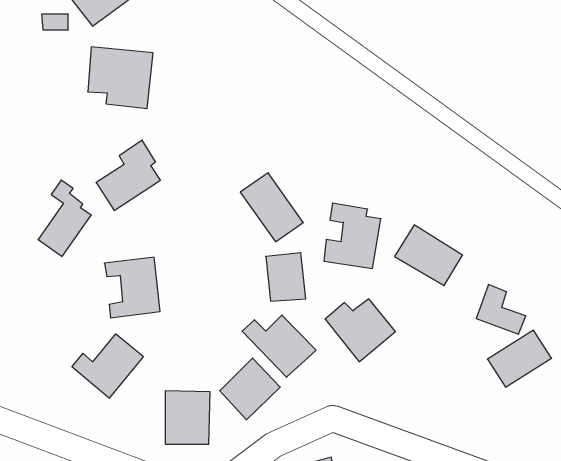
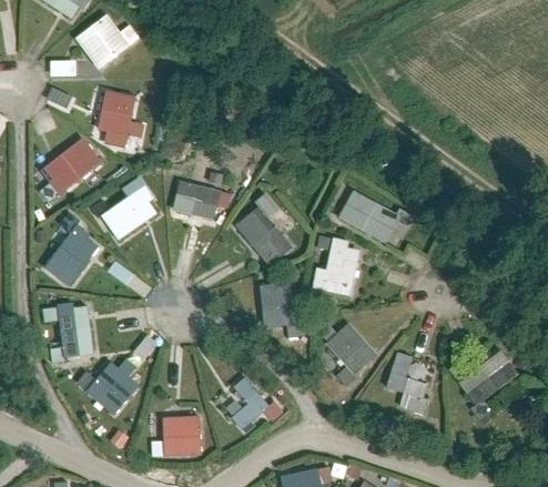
building: none -> [44,140,102,194]
building: none -> [172,180,220,221]
building: [395,225,463,286] -> [336,191,398,246]
building: [104,257,160,318] -> [42,305,93,361]
building: [476,284,526,334] -> [386,354,432,399]
building: [242,315,316,377] -> none

